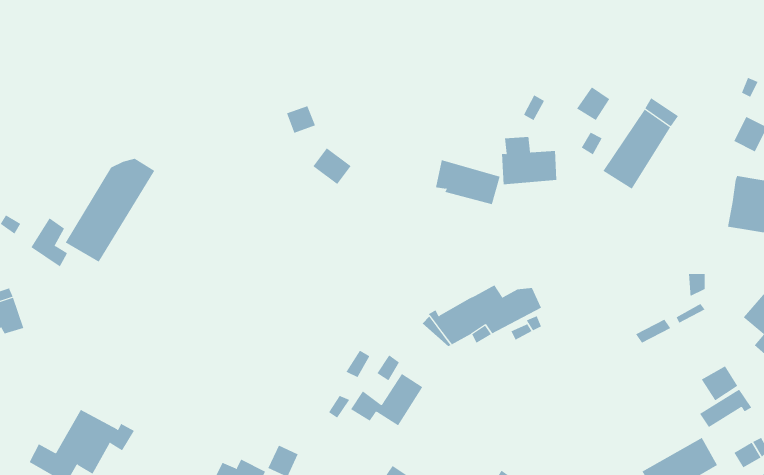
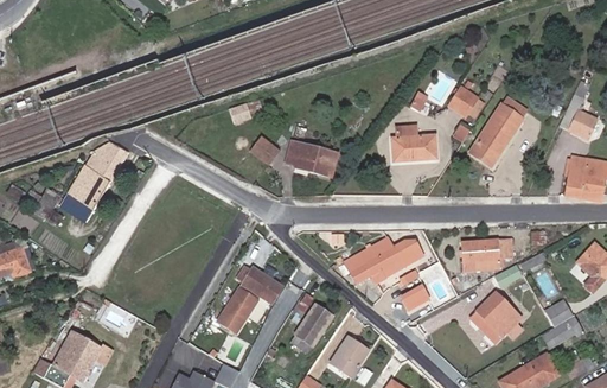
building: [435,160,500,205] -> [286,141,336,176]
building: none -> [462,241,512,271]
building: none -> [216,263,282,333]
building: none -> [396,280,429,311]
building: none -> [477,293,520,337]
building: none -> [331,337,370,377]

